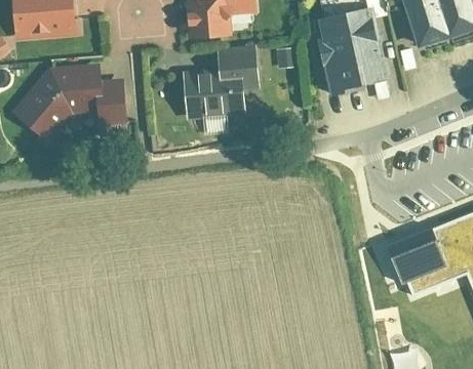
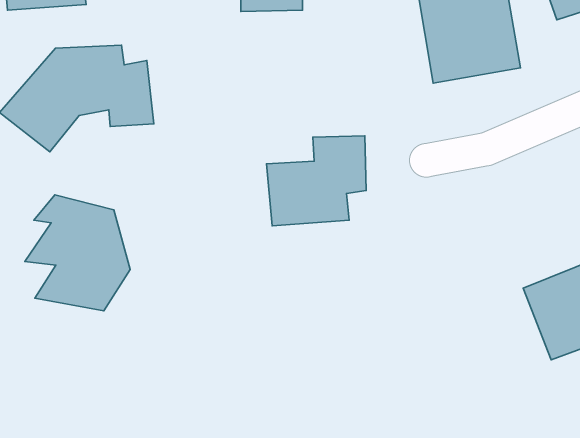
building: [185,53,258,119] -> [266,136,366,226]
building: none -> [25,195,130,311]

